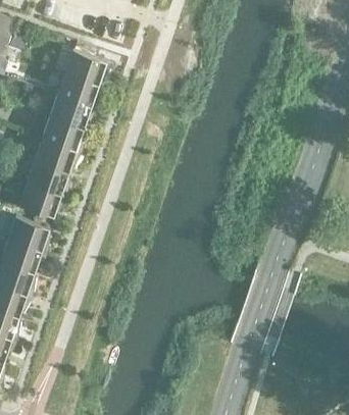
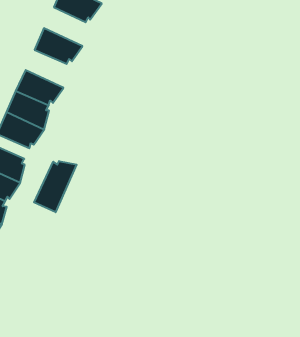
building: [53,70,97,107] -> none
building: [39,115,82,151] -> none
building: none -> [34,161,77,212]

